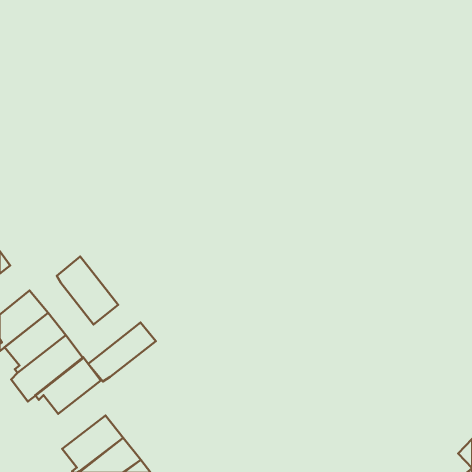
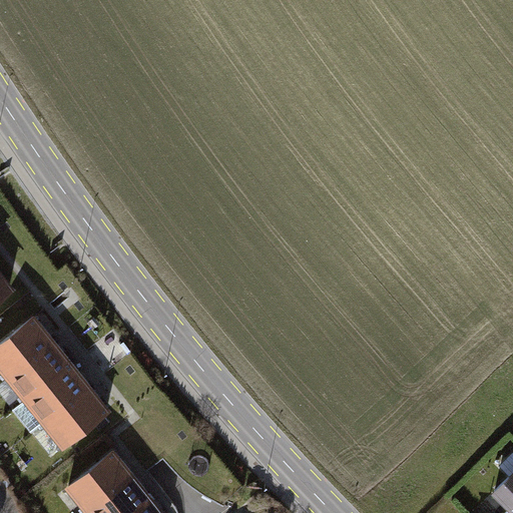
building: [57,257,118,325] -> none
building: [88,323,156,381] -> none

